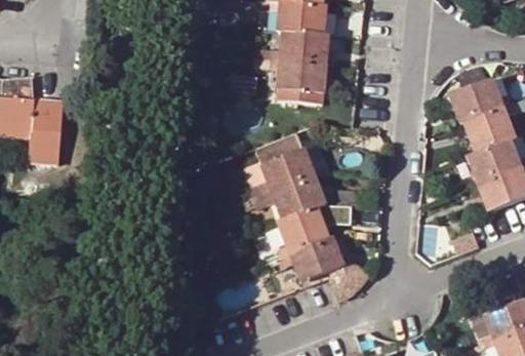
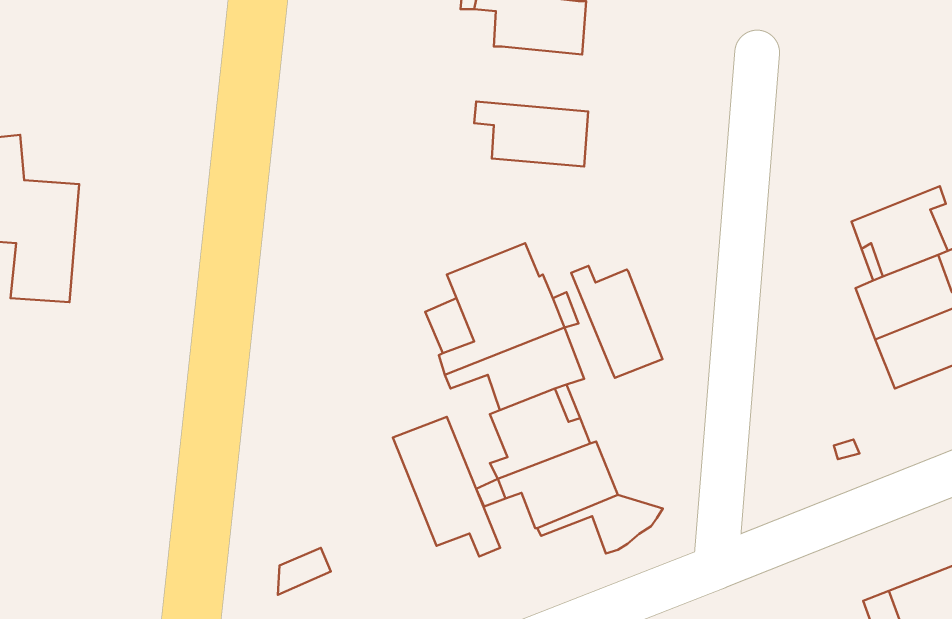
building: [254,31,330,65] -> none
building: [450,78,512,124] -> none
building: none -> [571,266,662,378]
building: none -> [393,417,500,556]

